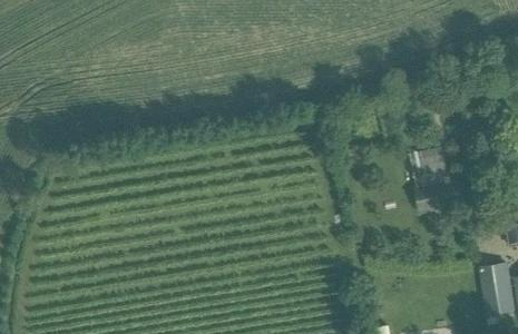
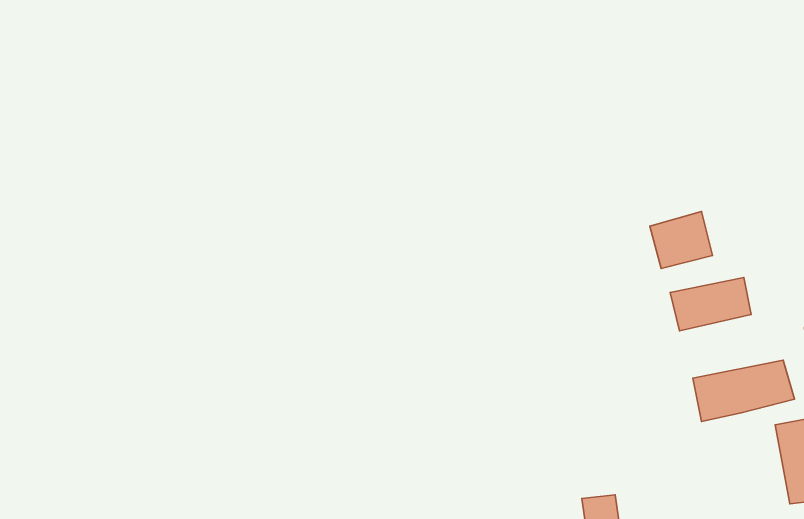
building: none -> [693,360,795,421]

